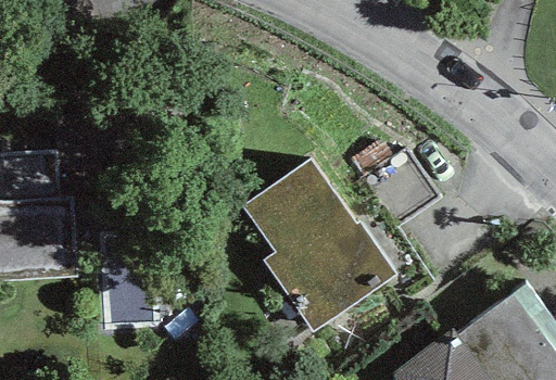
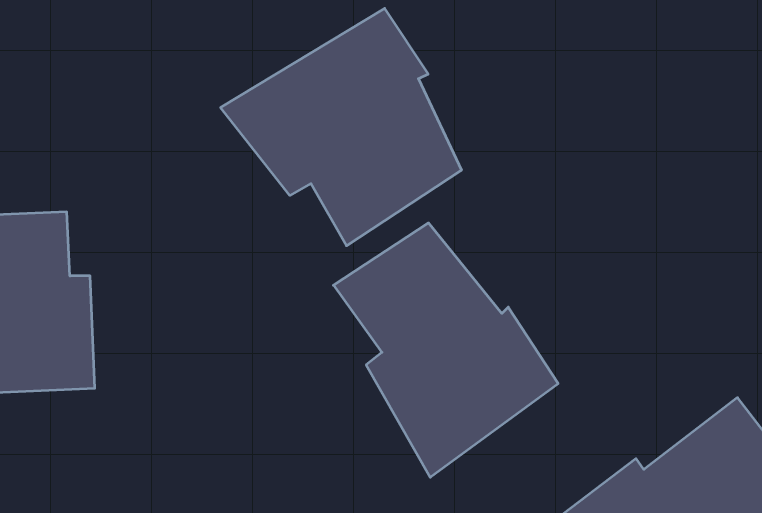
building: none -> [221,8,461,246]

